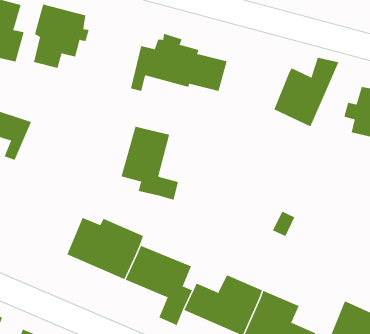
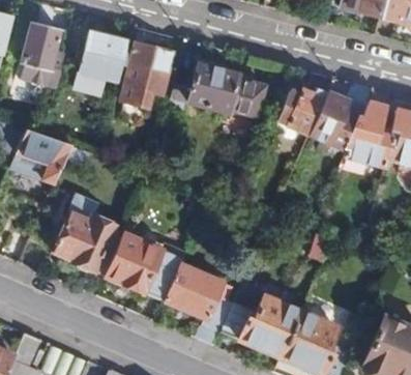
building: none -> [123,42,174,105]
building: none -> [290,88,327,133]
building: none -> [347,103,391,165]
building: [121,126,179,200] -> none
building: none -> [55,210,118,271]

